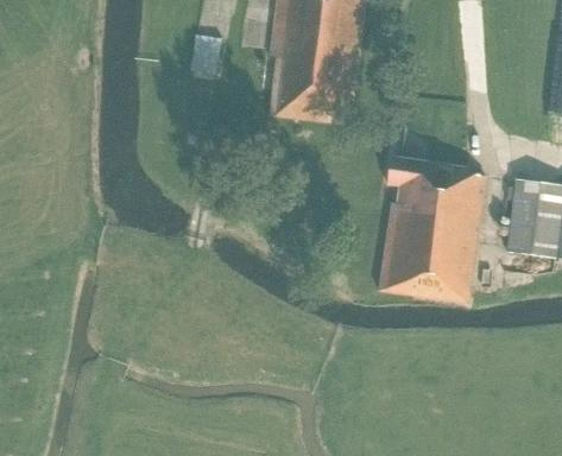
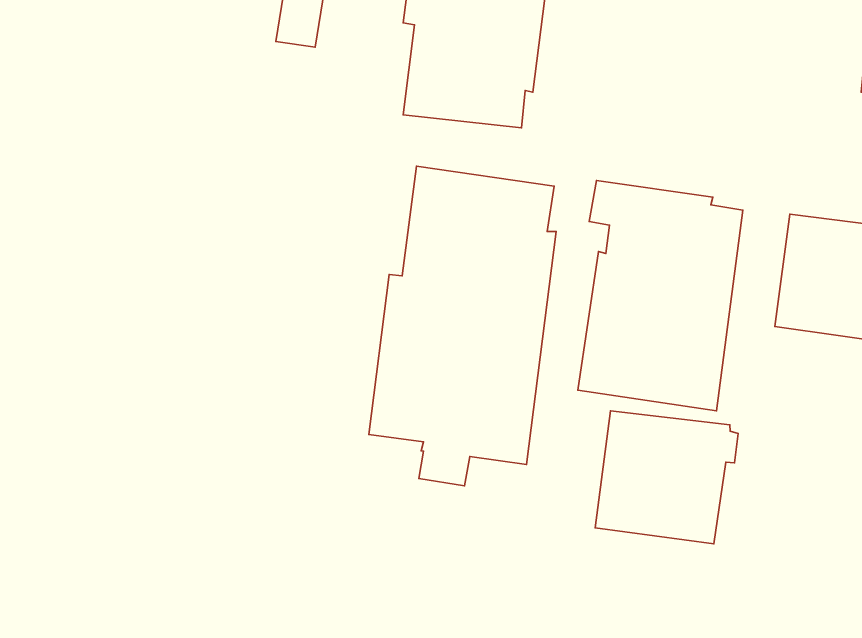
building: none -> [369,166,556,486]
building: none -> [595,411,738,544]

